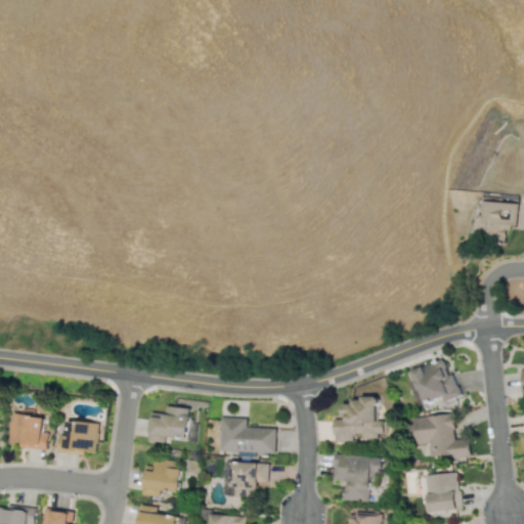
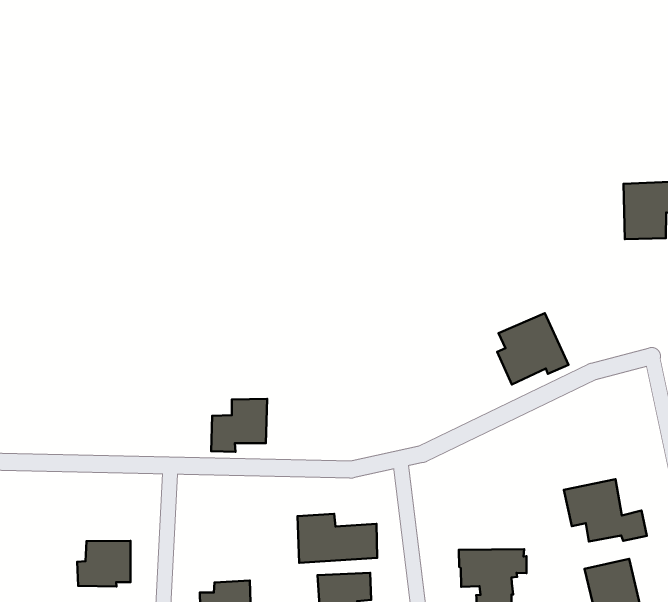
building: [408,358,458,407] -> [497,313,568,385]
building: [334,396,383,442] -> none
building: [147,406,191,444] -> [211,399,267,452]
building: [8,414,47,450] -> none

